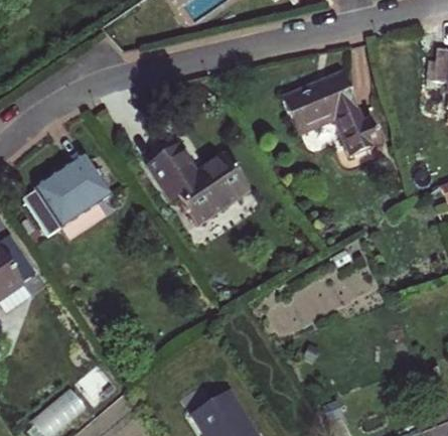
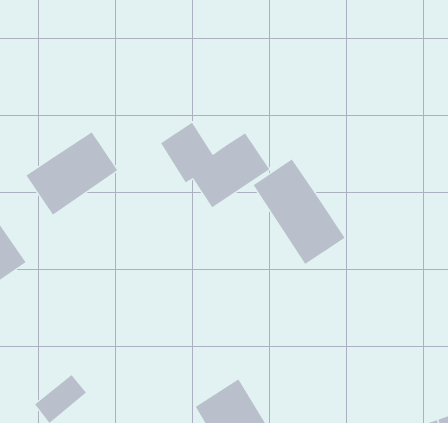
building: [276,77,375,148] -> none
building: none -> [253,159,346,265]

